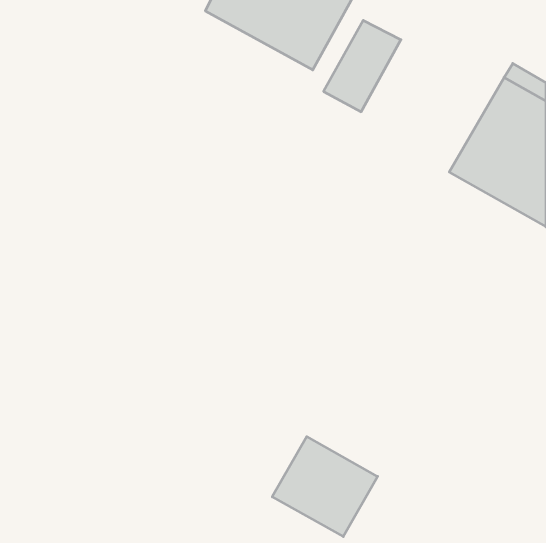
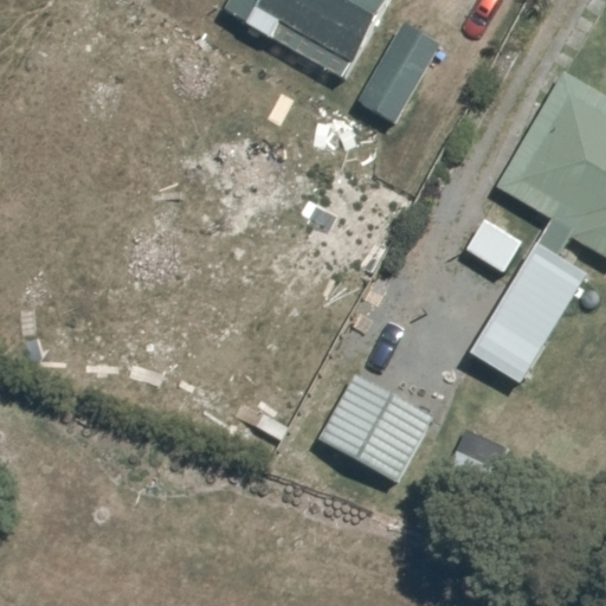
building: none -> [473,241,588,381]
building: [272,437,378,537] -> [317,370,433,481]

